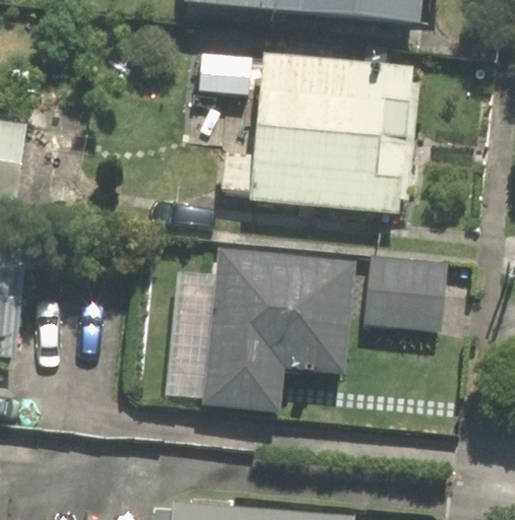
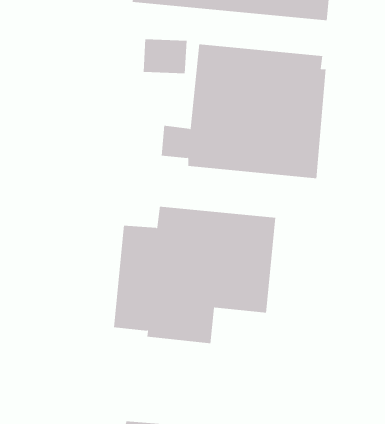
building: [363,252,446,333] -> none

